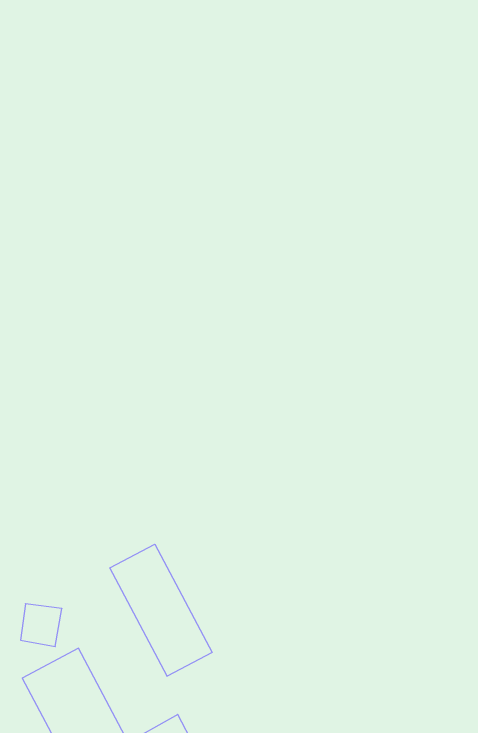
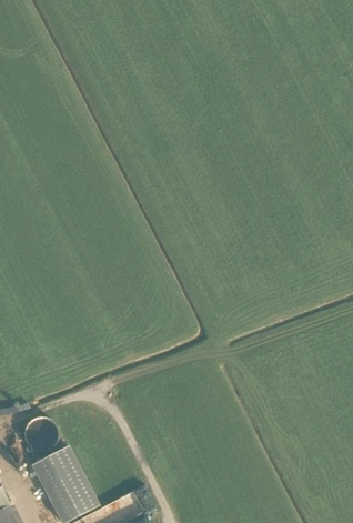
building: [110,544,212,676] -> none

